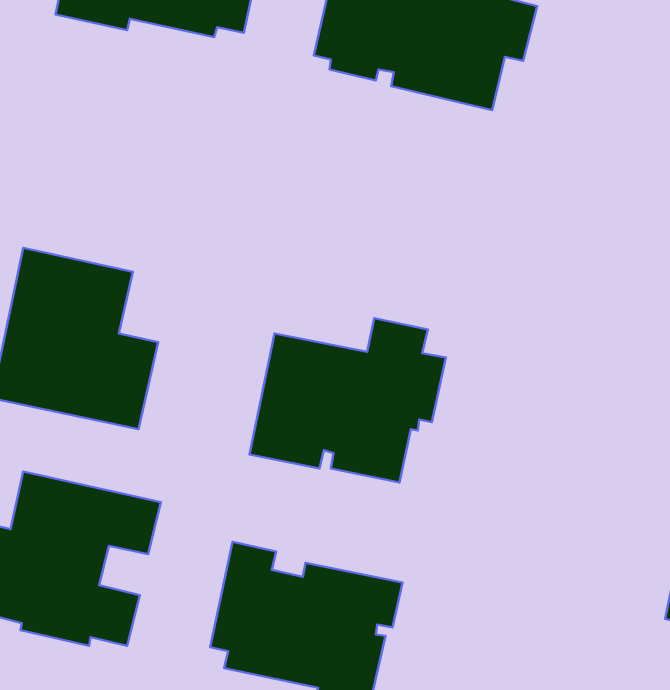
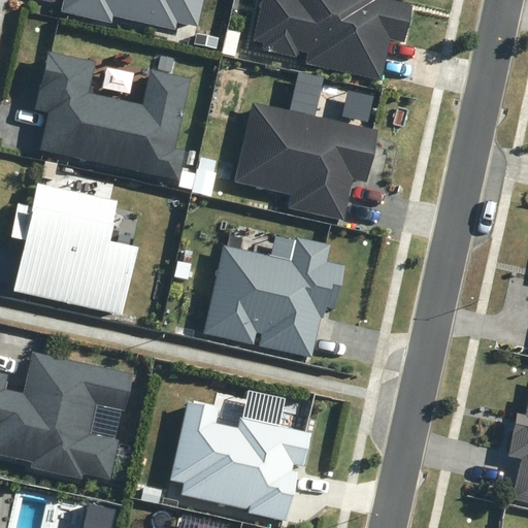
building: none -> [24,48,193,186]
building: none -> [232,101,377,221]

